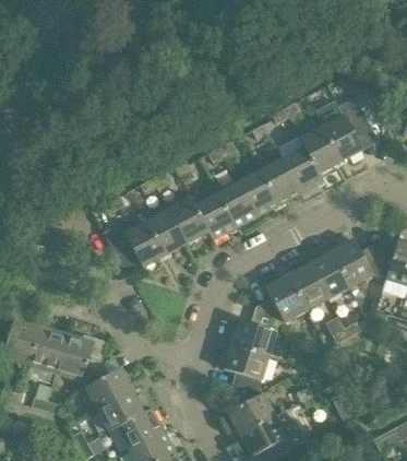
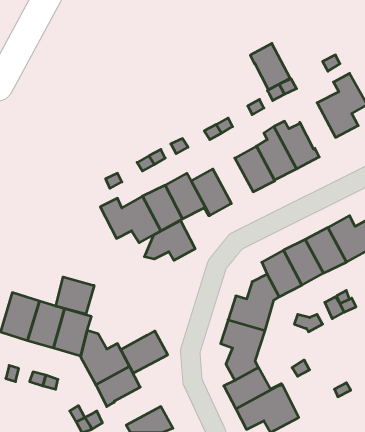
building: [300,126,340,173] -> [250,43,290,90]
building: [217,181,258,227] -> none
building: none -> [144,221,195,260]
building: none -> [56,277,94,314]
building: [118,407,165,450] -> [121,331,168,373]

